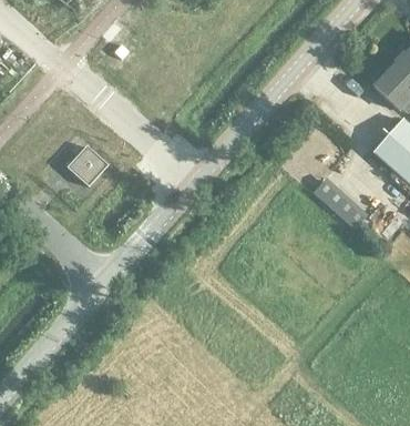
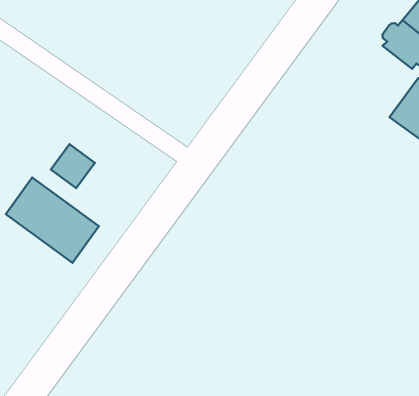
building: none -> [6,177,99,263]
building: [314,173,367,225] -> none

